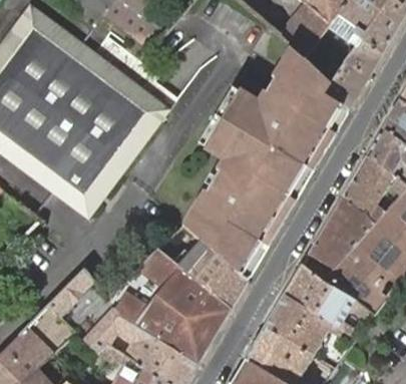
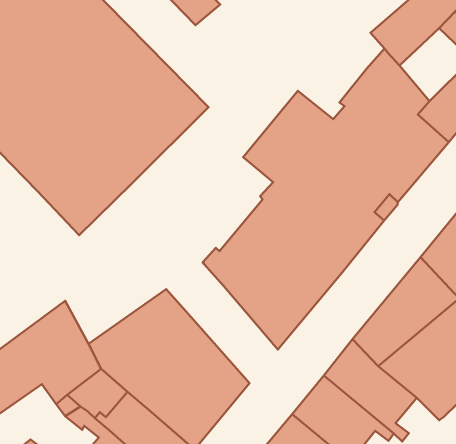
building: [174,239,247,308] -> none

